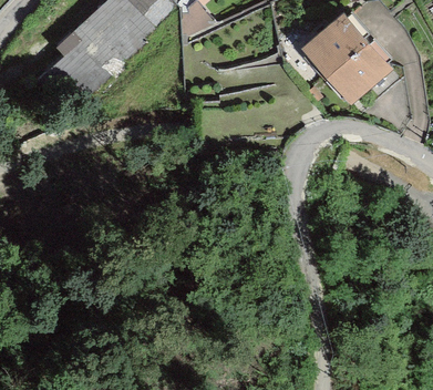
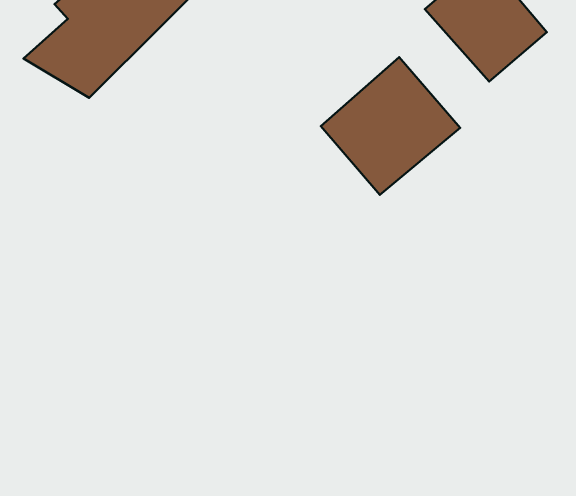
building: none -> [321,57,460,195]

